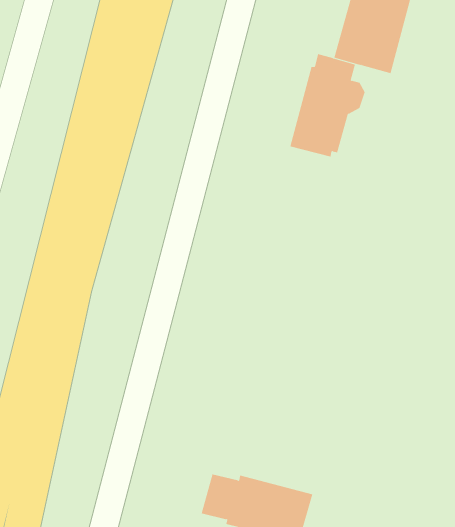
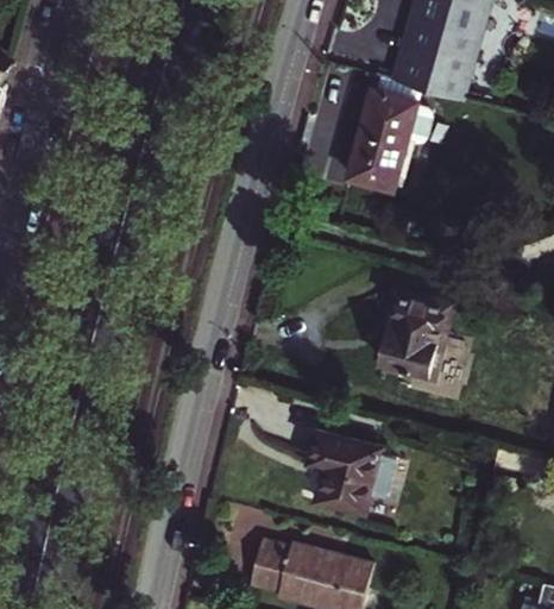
building: none -> [379,291,448,378]
building: none -> [307,429,395,513]

